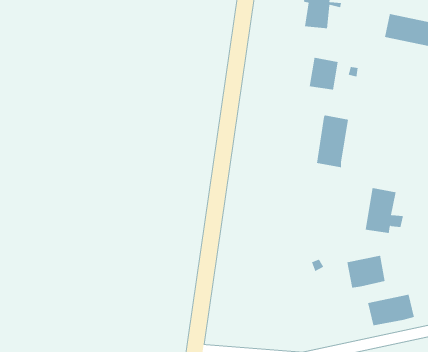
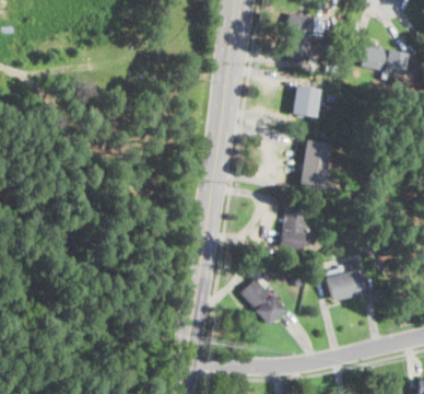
building: [365,188,404,234] -> [280,207,316,250]
building: none -> [240,277,286,325]
building: [367,294,414,326] -> none

